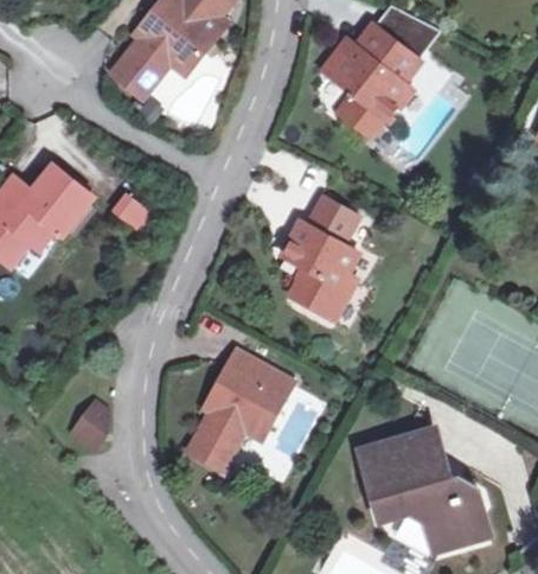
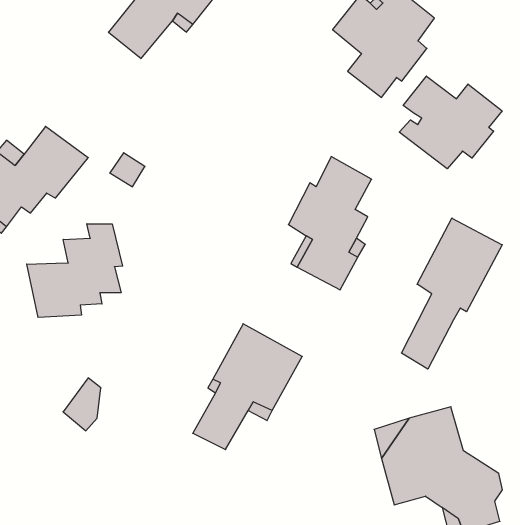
building: none -> [399,76,502,169]
building: none -> [401,218,502,369]
building: none -> [27,224,123,317]

